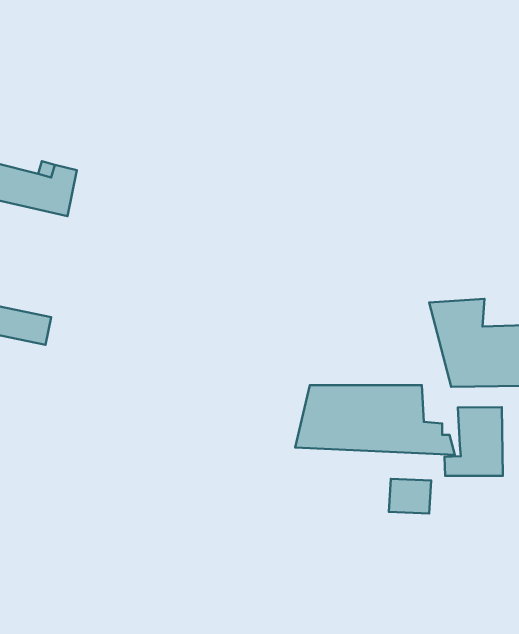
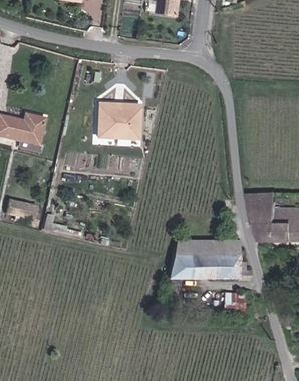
building: none -> [104,101,146,137]
building: [444,407,503,476] -> none

